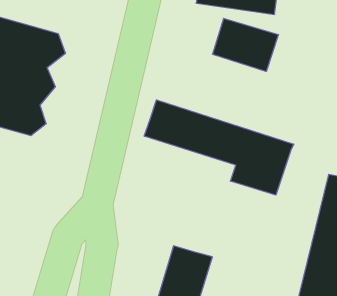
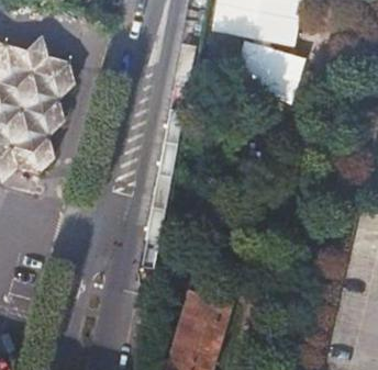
building: [144,100,294,195] -> none

